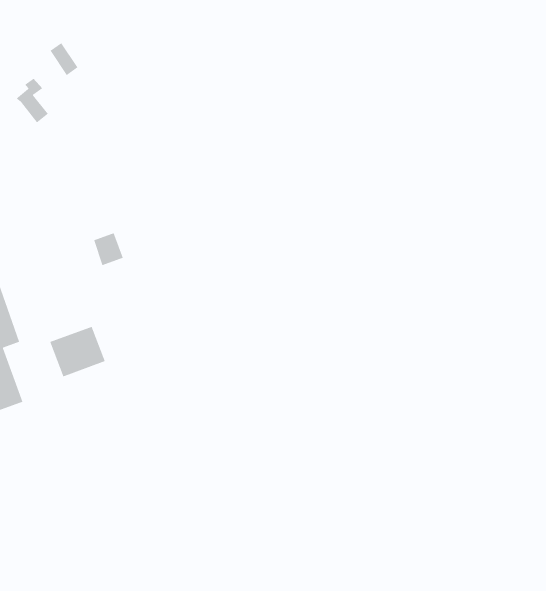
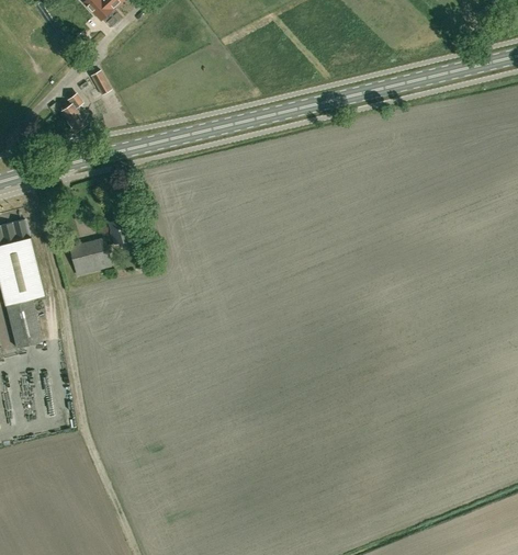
building: [49,326,106,377] -> [69,238,111,275]

